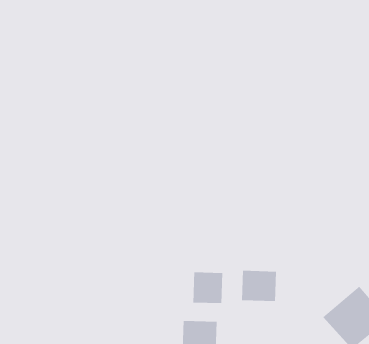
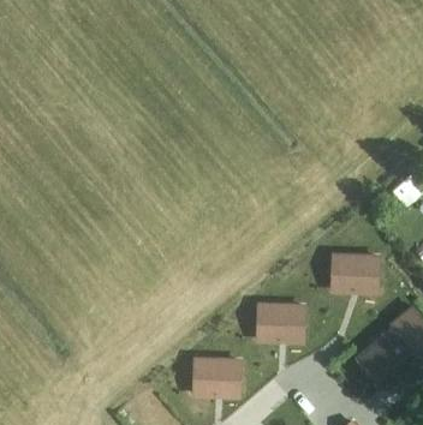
building: none -> [341,256,379,291]
building: [193,272,223,304] -> none

